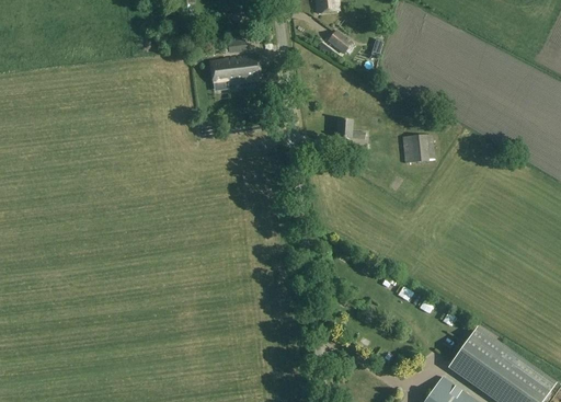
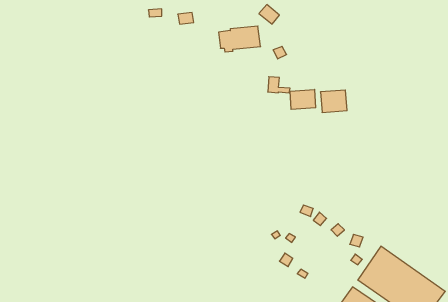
building: [210,55,262,87] -> [219,26,261,52]
building: none -> [290,89,316,109]

